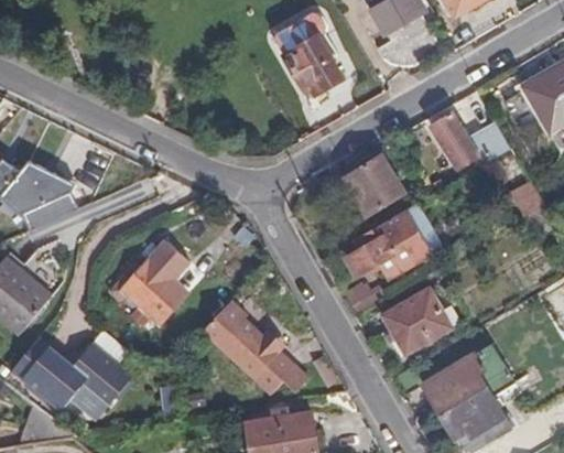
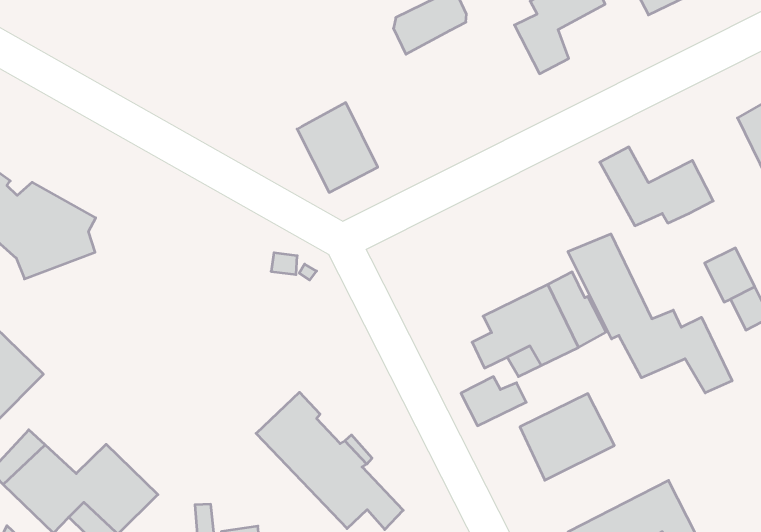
building: [284,37,343,101] -> [297,103,378,192]
building: [341,155,402,216] -> none
building: none -> [568,234,732,393]
building: [111,240,188,322] -> none

